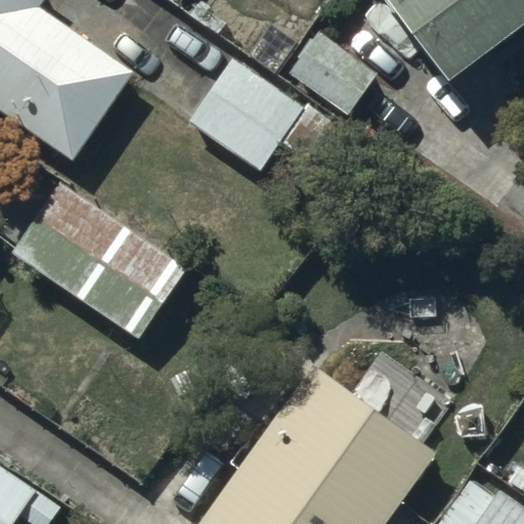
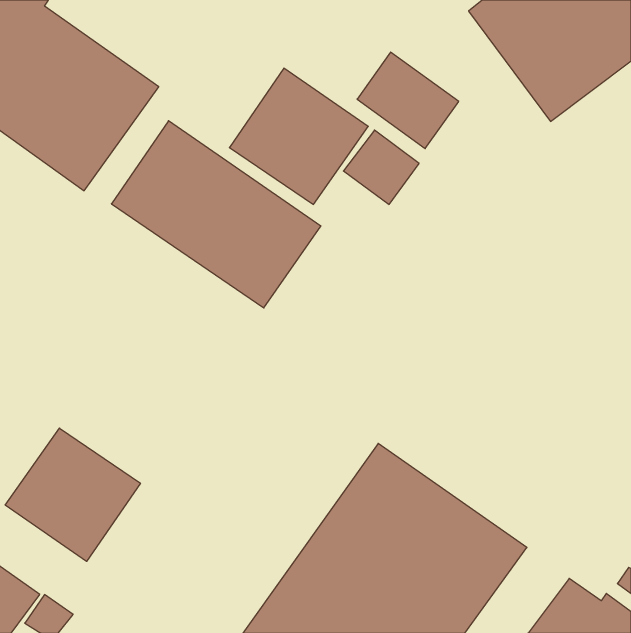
building: [13,182,186,337] -> [111,121,321,308]
building: none -> [5,428,140,561]

